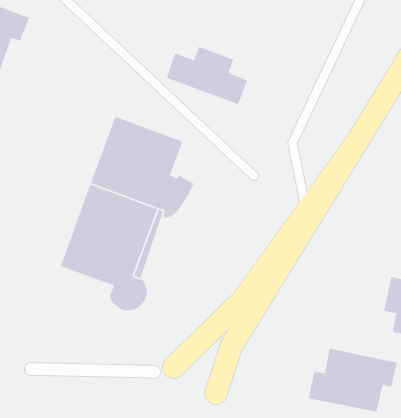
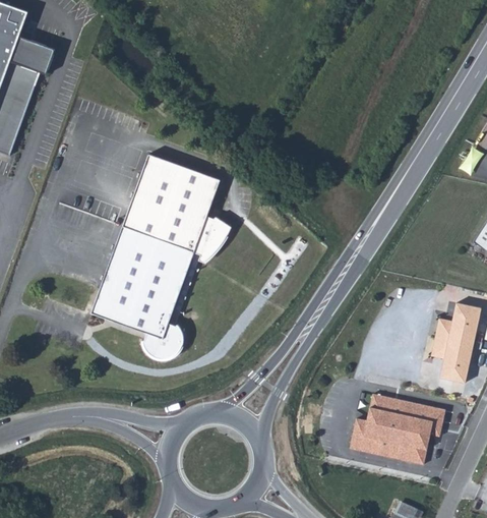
building: [166,46,248,105] -> none

